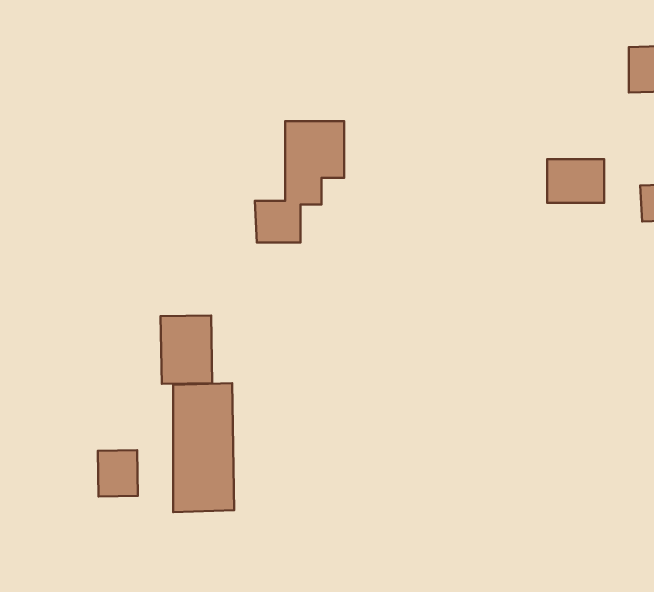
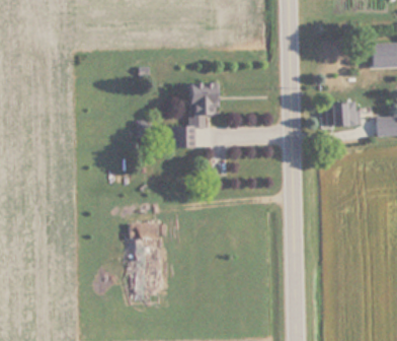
building: [161,316,212,384] -> none
building: [98,450,138,497] -> none

